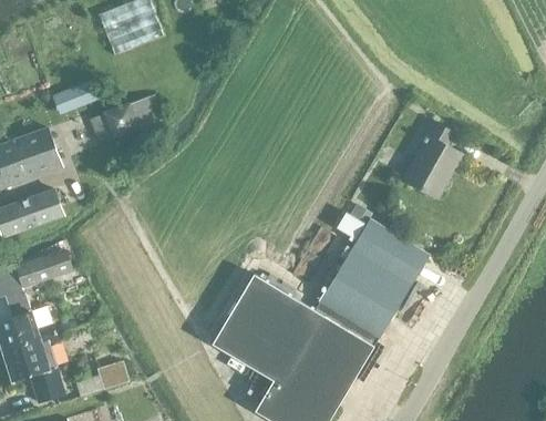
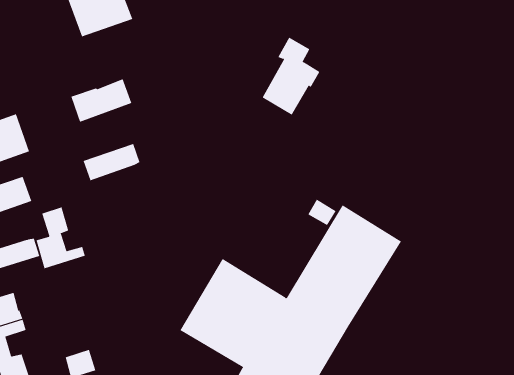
building: [51,78,101,114] -> none
building: [403,121,461,198] -> [262,37,320,116]
building: none -> [83,143,140,181]
building: none -> [36,207,86,269]

